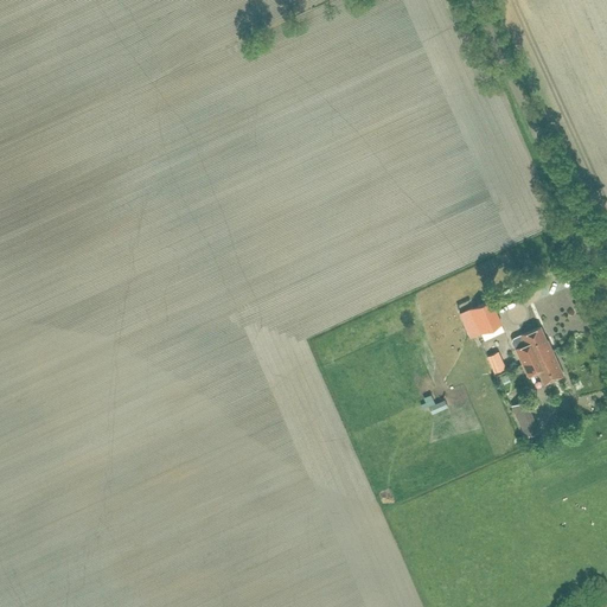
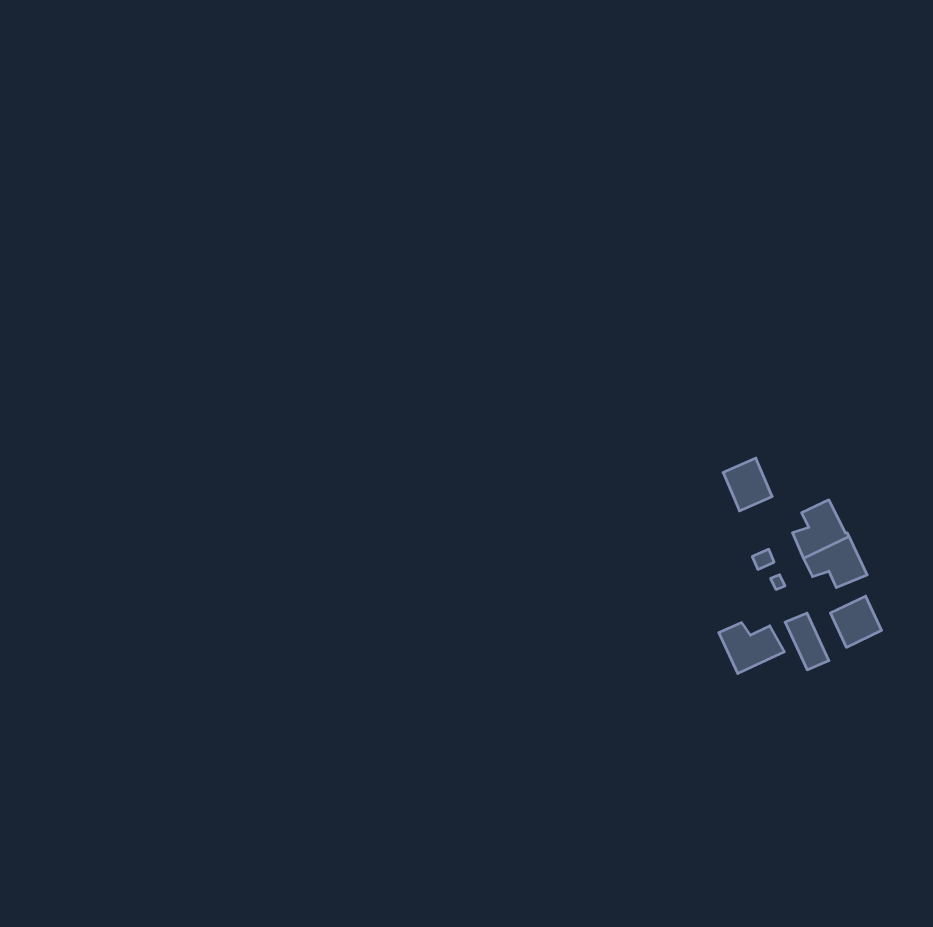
building: none -> [830,596,882,647]
building: none -> [719,623,784,674]

